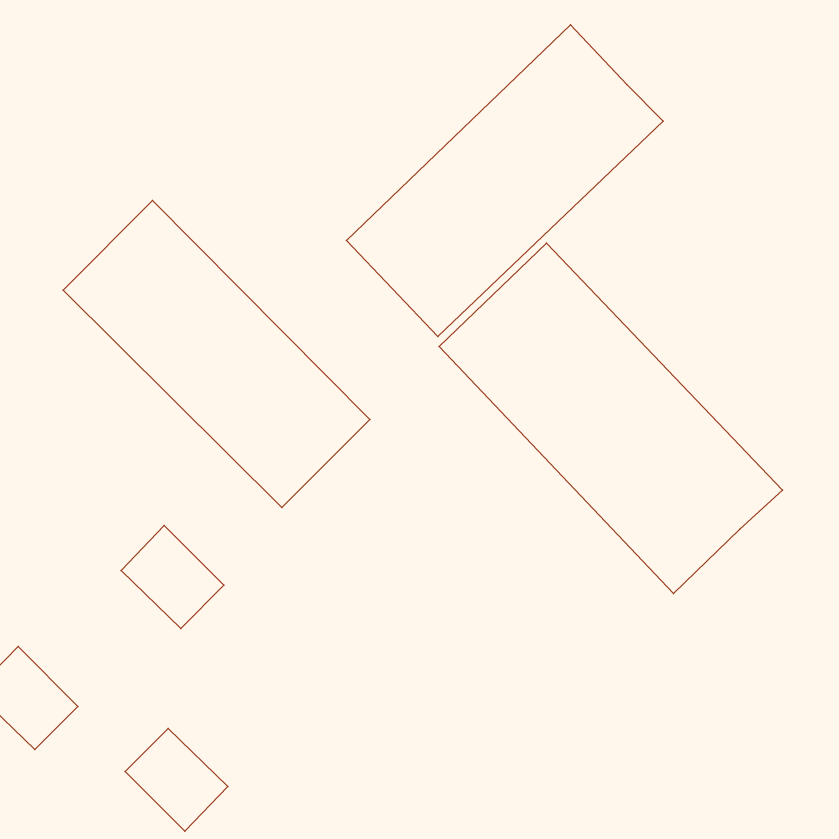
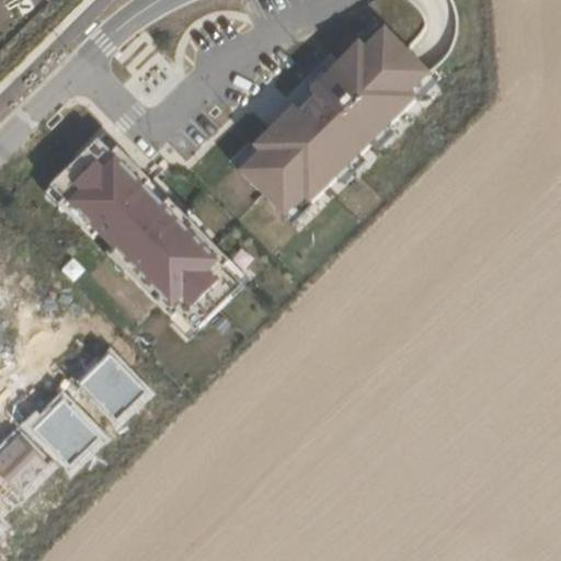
building: [439,243,782,593] -> none
building: [125,728,228,831] -> [27,394,95,462]

